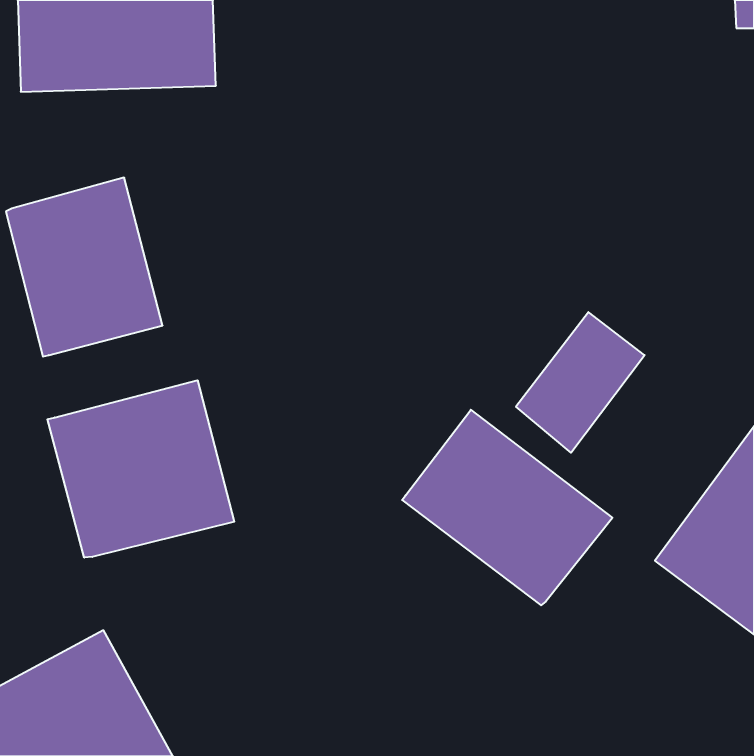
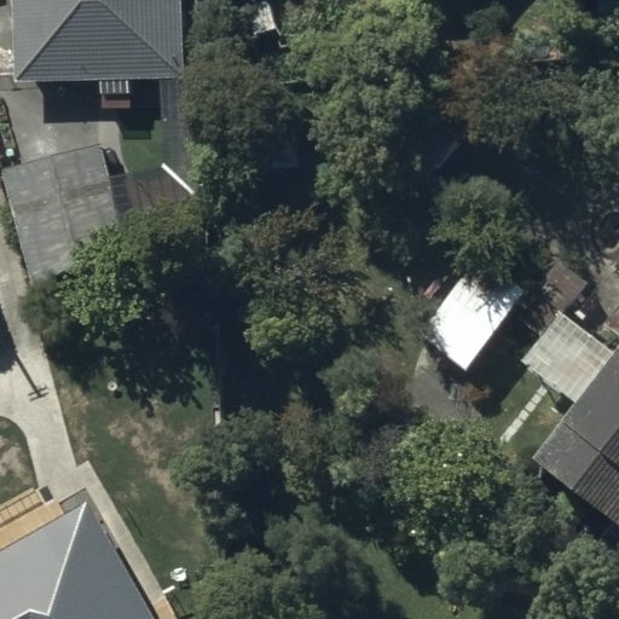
building: [47,380,234,558] -> none
building: [402,410,612,605] -> none

